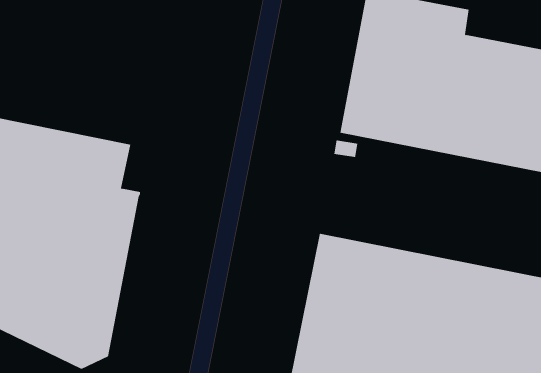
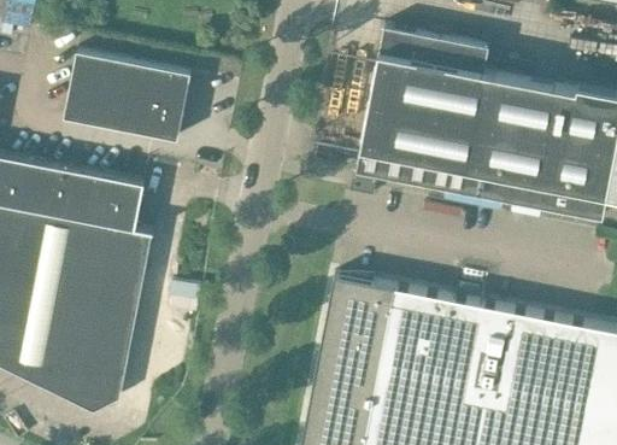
building: none -> [64,52,190,140]

